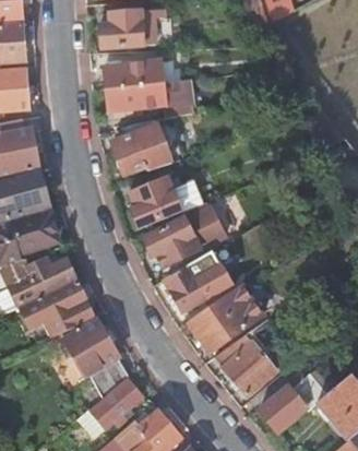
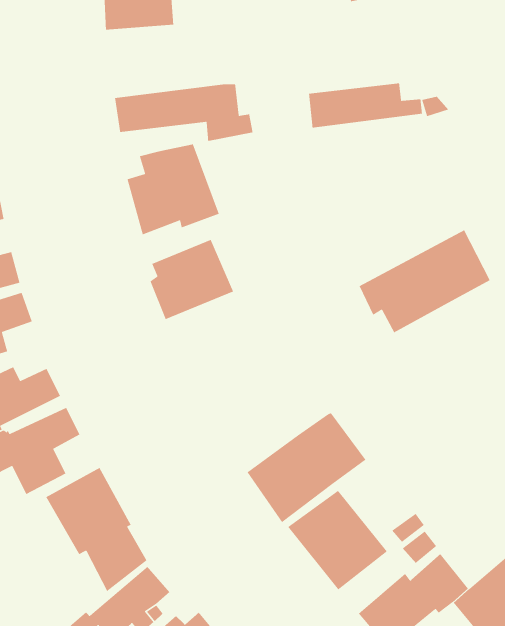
building: [105,62,176,91] -> [308,82,423,128]
building: [144,203,226,268] -> [359,229,491,333]
building: [165,249,224,311] -> none

